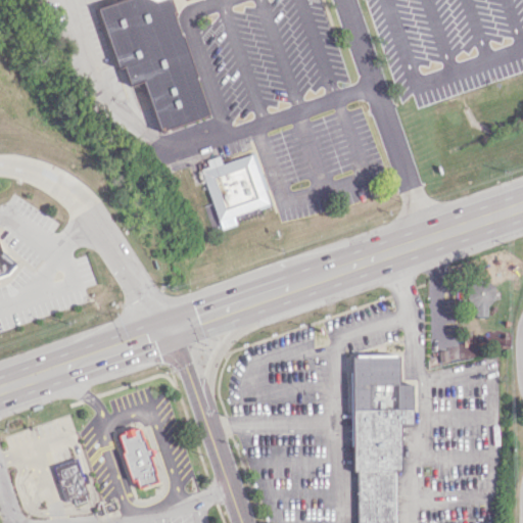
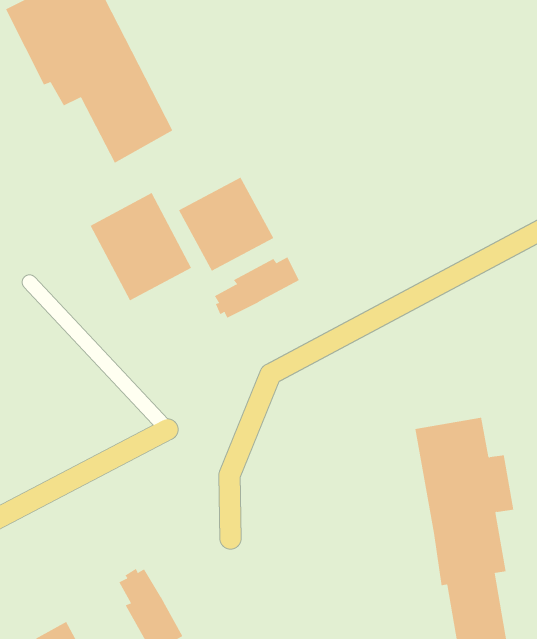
building: none -> [90,192,192,301]
building: none -> [214,257,300,319]

